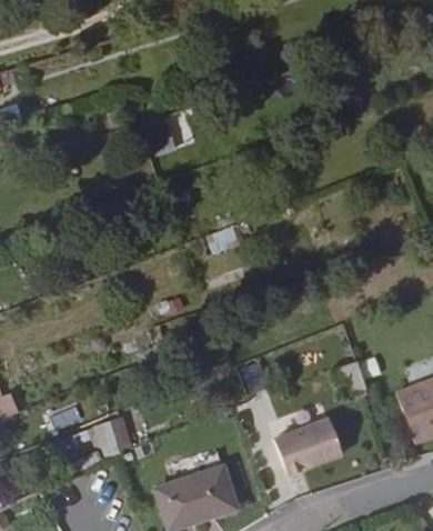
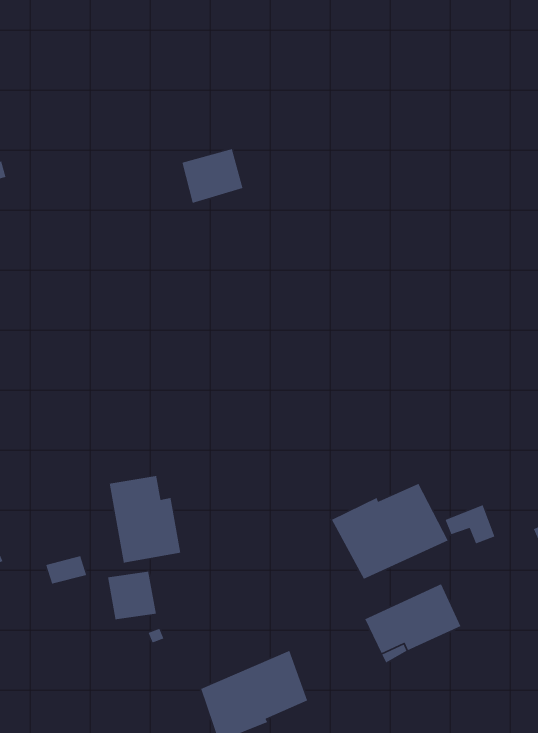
building: none -> [109,475,181,563]
building: none -> [331,483,449,580]

